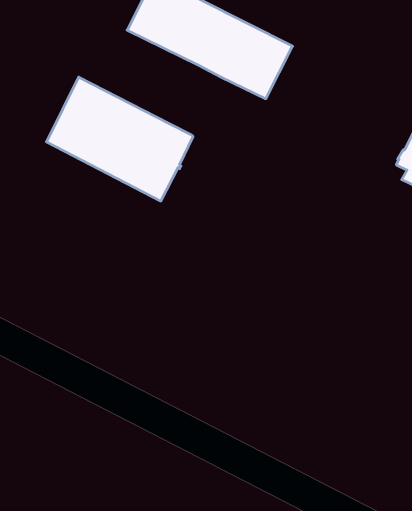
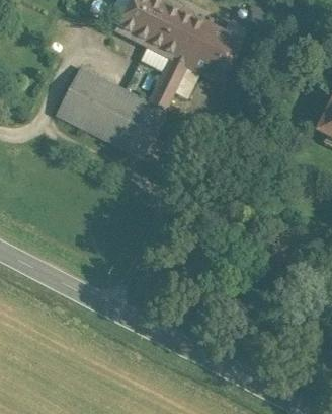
building: none -> [149,56,187,109]

